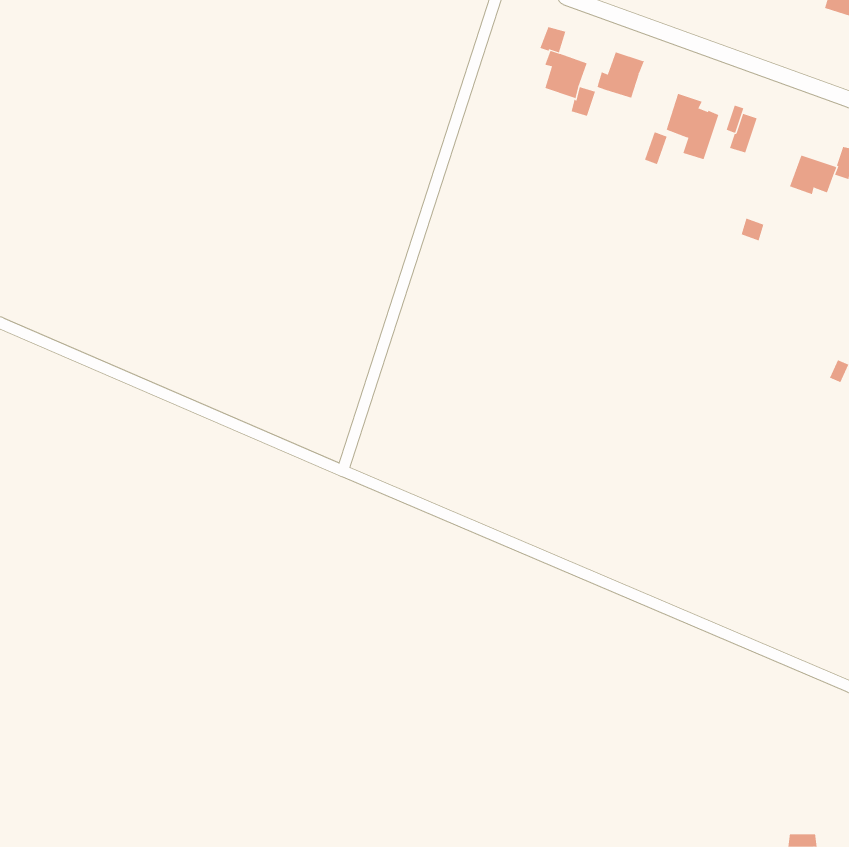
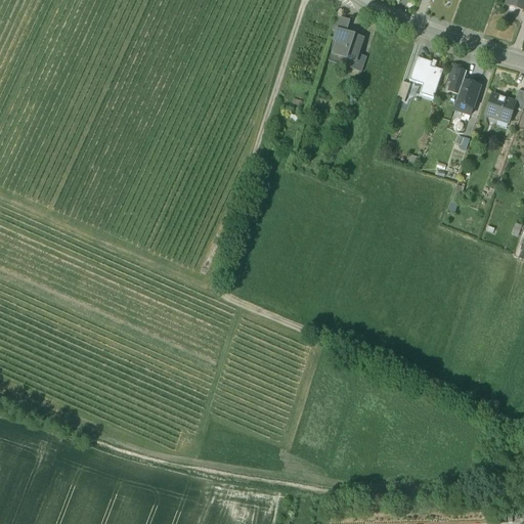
building: [596,51,645,98] -> none
building: none -> [455,73,481,115]

